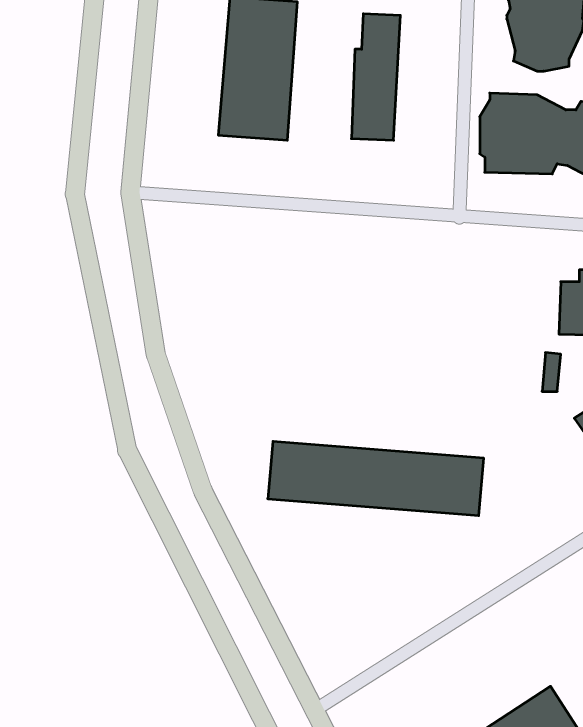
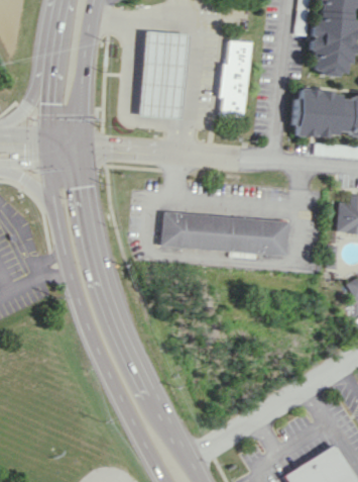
building: [268,441,484,516] -> [162,211,291,256]

